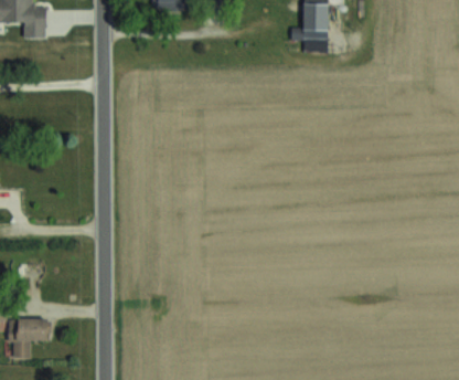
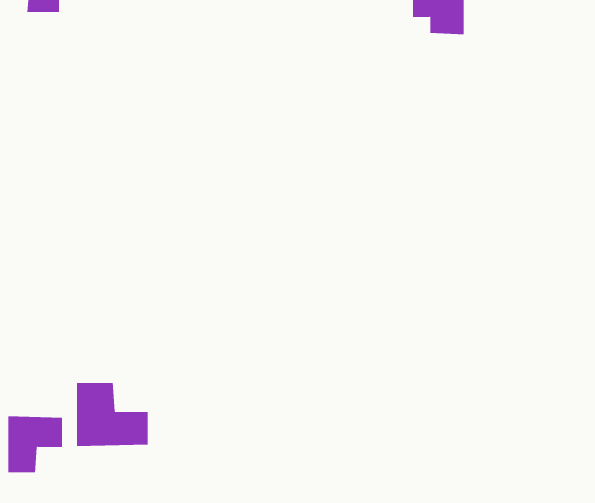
building: none -> [76,382,148,447]

